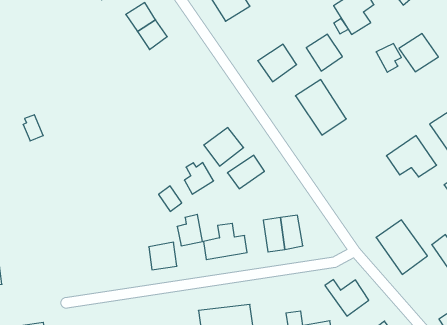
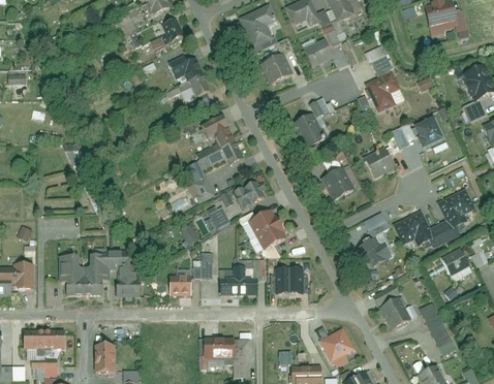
building: [306,34,342,71] -> [364,148,395,180]
building: none -> [184,113,244,200]
building: none -> [353,212,389,267]
building: none -> [255,223,287,250]
building: none -> [55,249,141,297]

